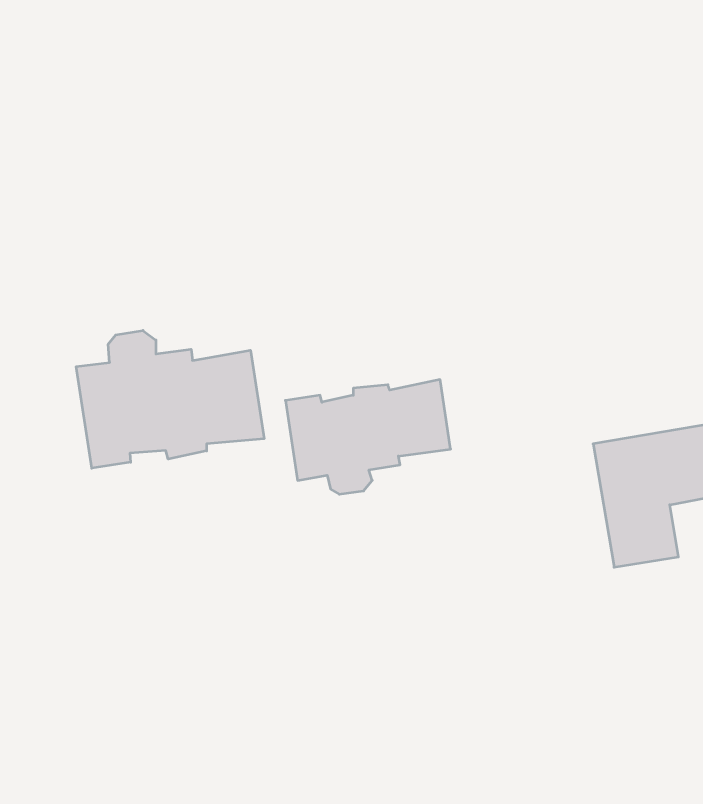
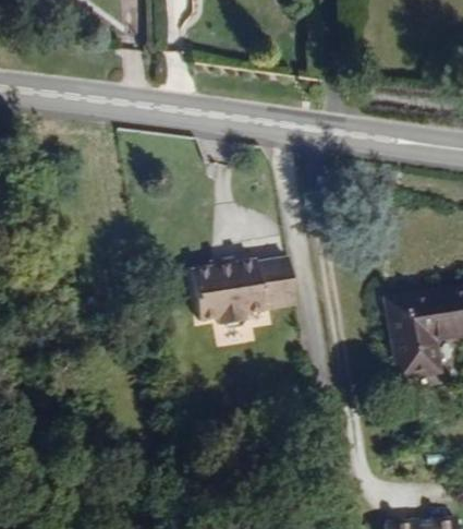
building: [76,330,264,468] -> none

